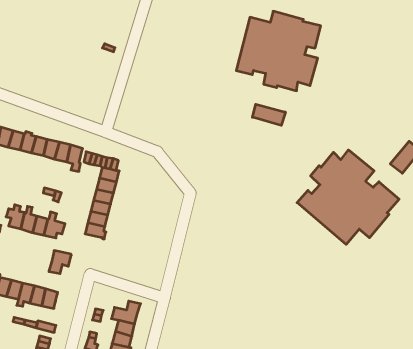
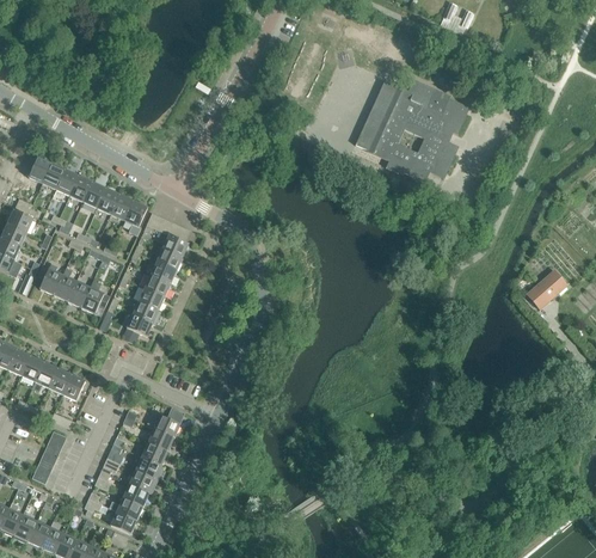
building: [252,104,285,125] -> none
building: [297,150,399,244] -> none
building: [49,251,71,274] -> [121,313,152,343]

